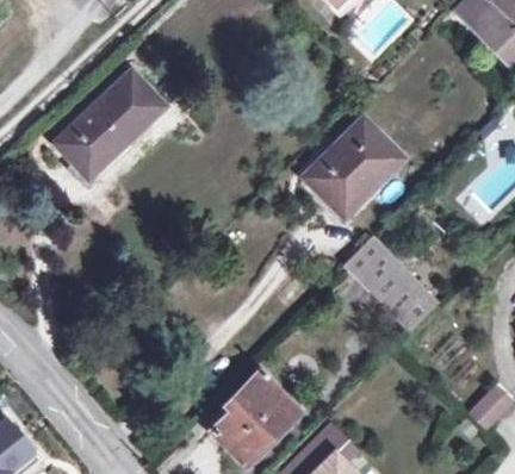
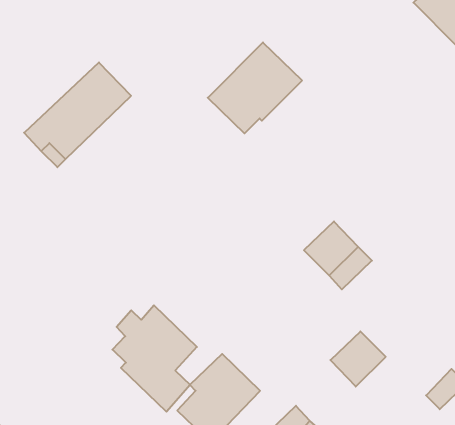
building: [304,119,402,213] -> [208,42,302,133]
building: [381,275,439,332] -> [330,331,386,387]
building: none -> [112,305,197,412]

